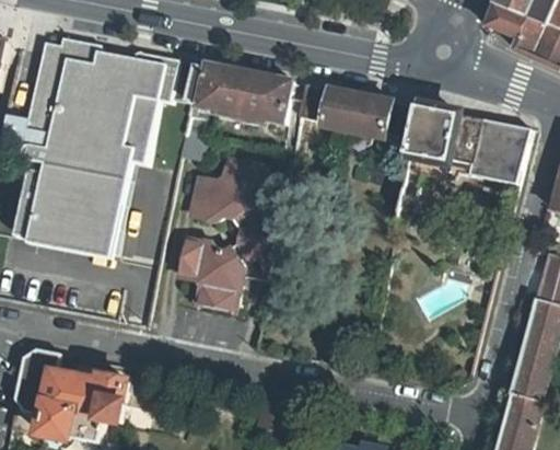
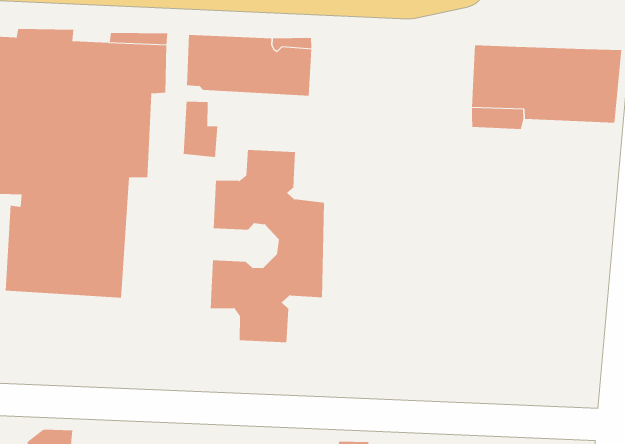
building: [300,81,417,137] -> none

